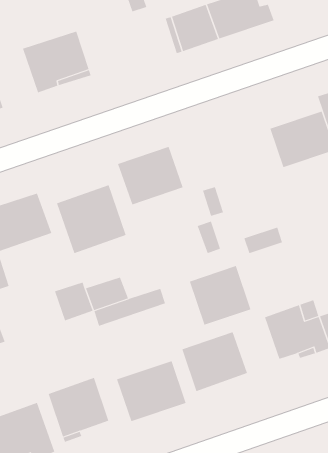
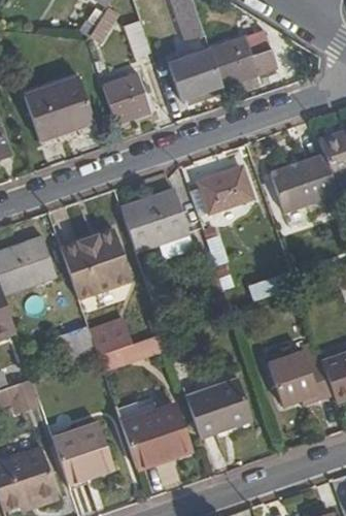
building: none -> [102,73,150,121]
building: none -> [187,168,250,217]
building: [189,265,251,326] -> none

